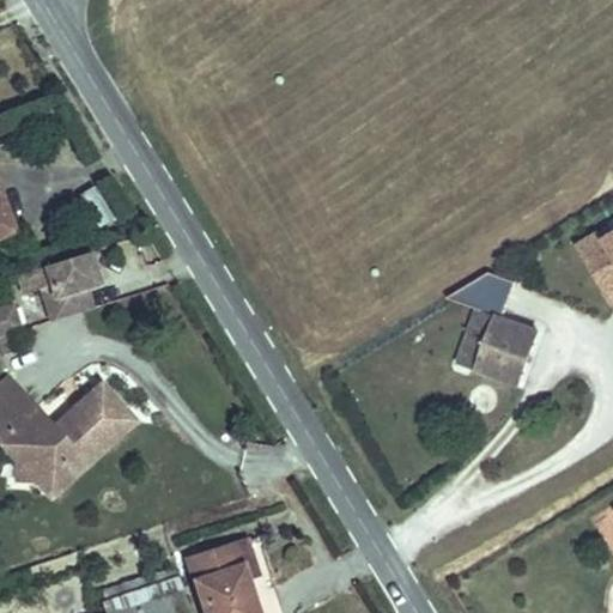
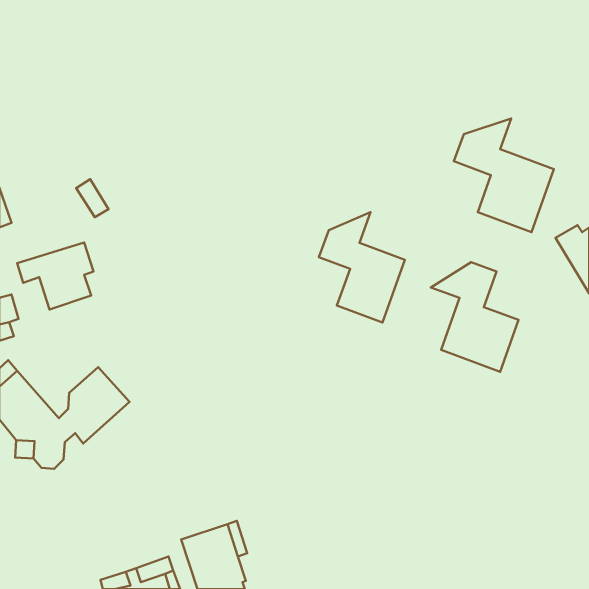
building: none -> [454,118,554,232]
building: none -> [319,212,405,323]

